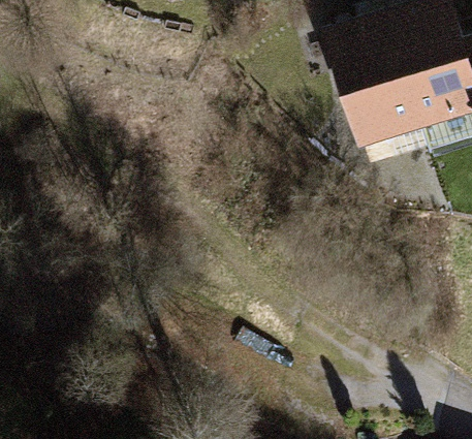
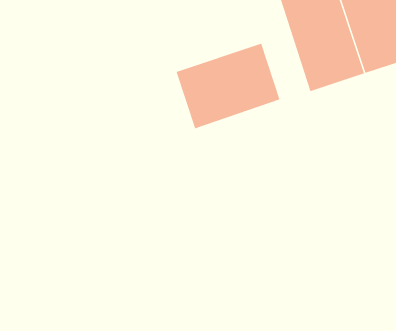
building: none -> [176,43,280,129]

